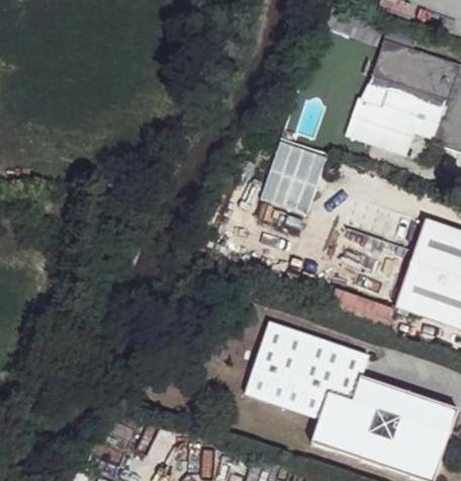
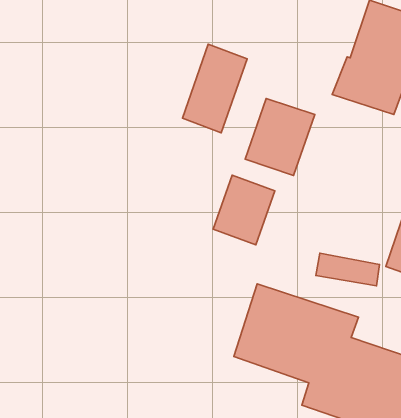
building: none -> [182,44,247,133]
building: none -> [213,175,275,245]

